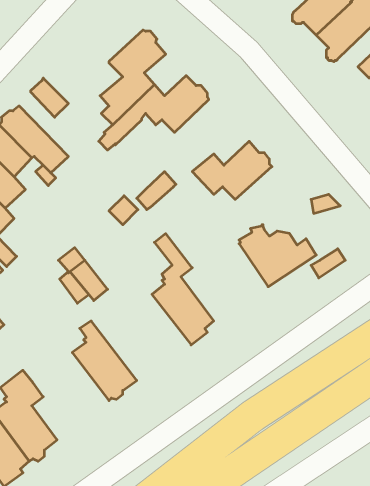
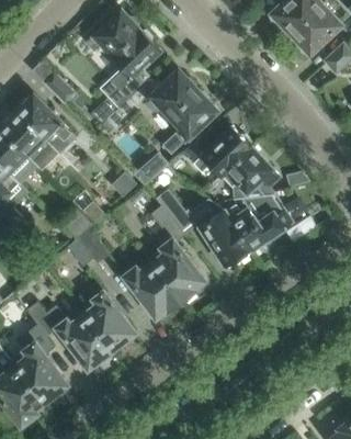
building: none -> [84,9,140,57]
building: none -> [162,90,217,155]
building: none -> [220,148,279,202]
building: none -> [156,189,249,268]
building: none -> [122,259,182,317]
building: none -> [25,301,111,370]

